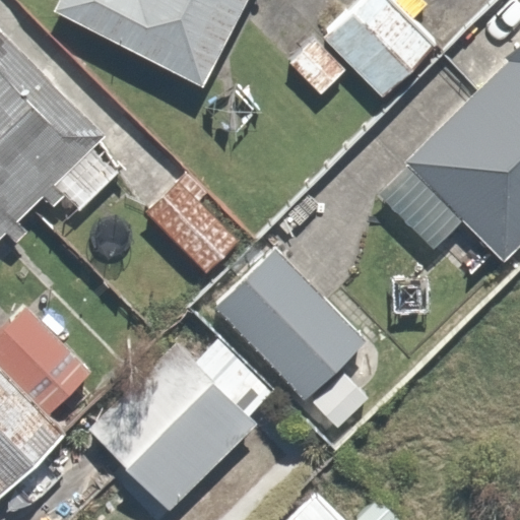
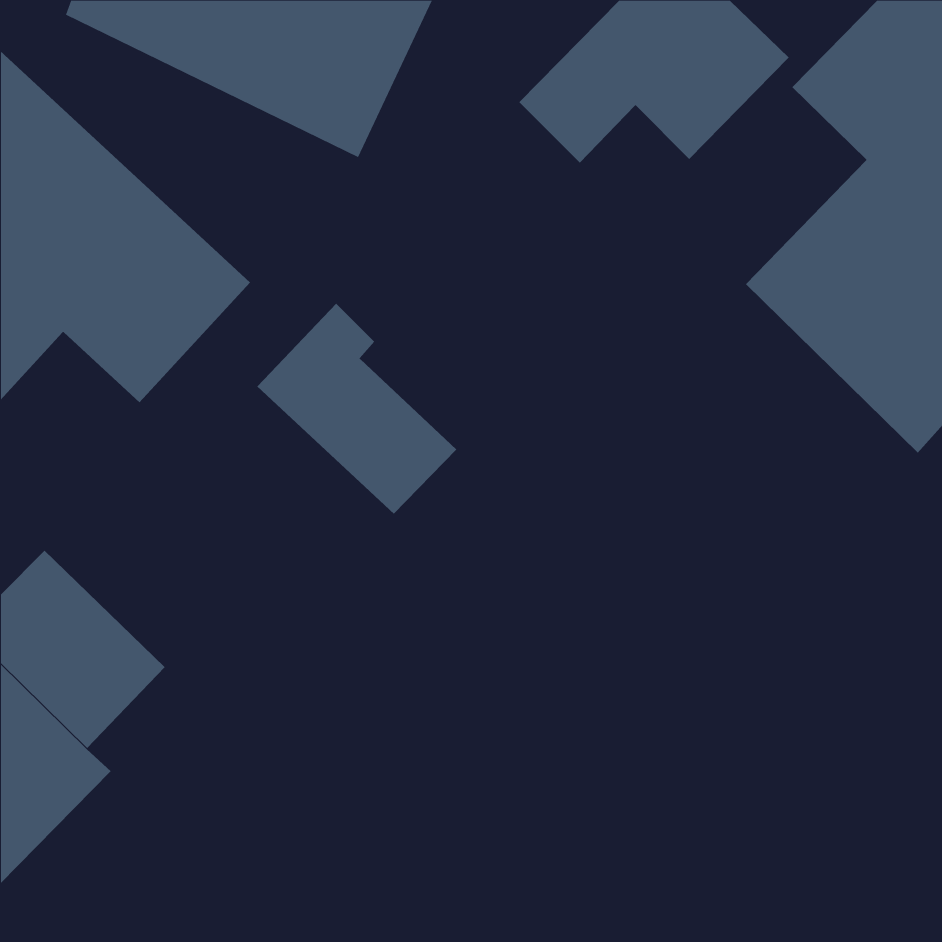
building: [208,252,361,407] -> none
building: [86,326,269,507] -> none

